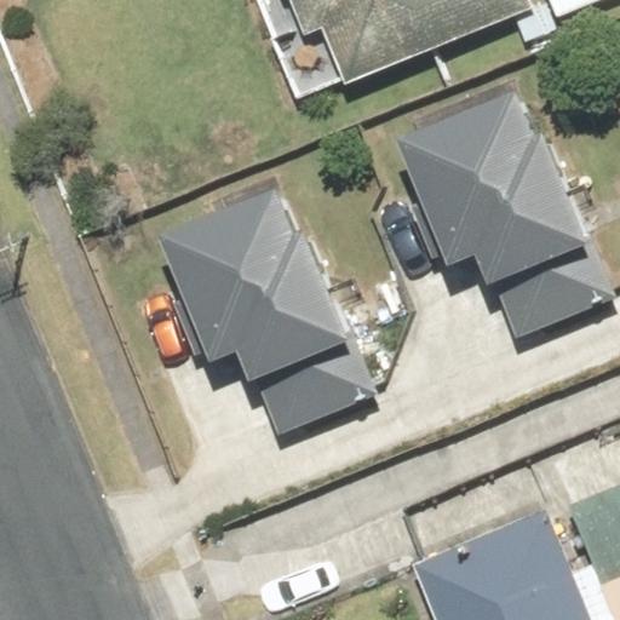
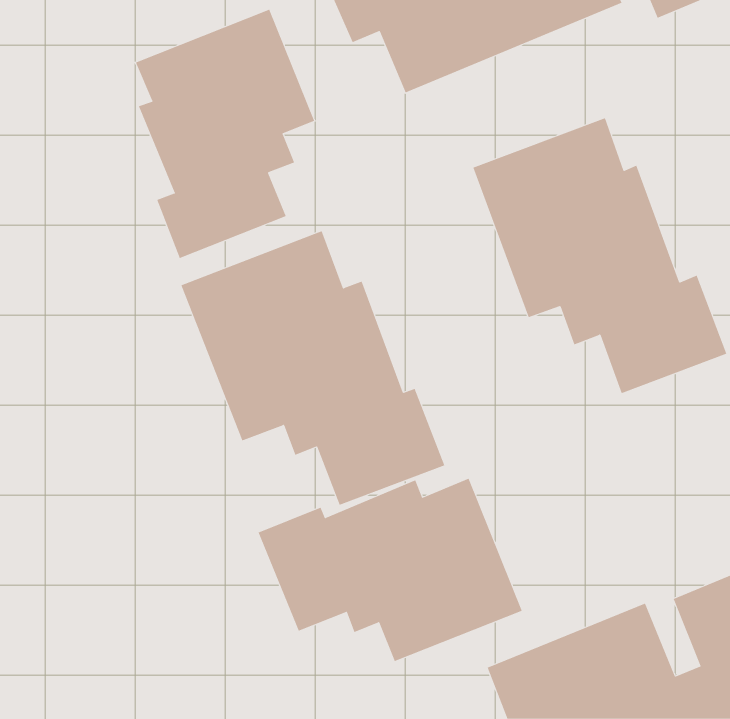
building: none -> [135,9,315,259]
building: none -> [258,478,523,662]

